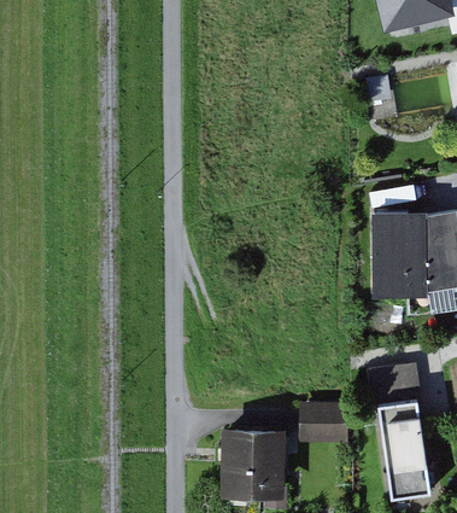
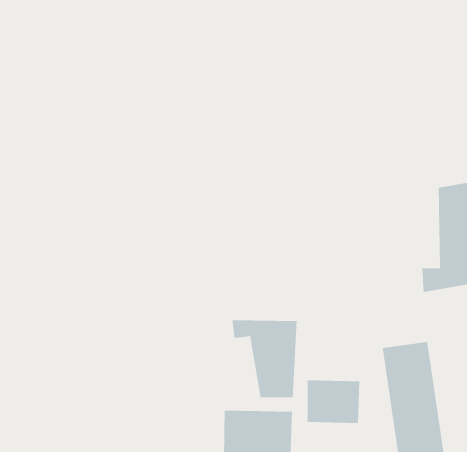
building: [370,212,424,296] -> none
building: none -> [231,319,298,398]

